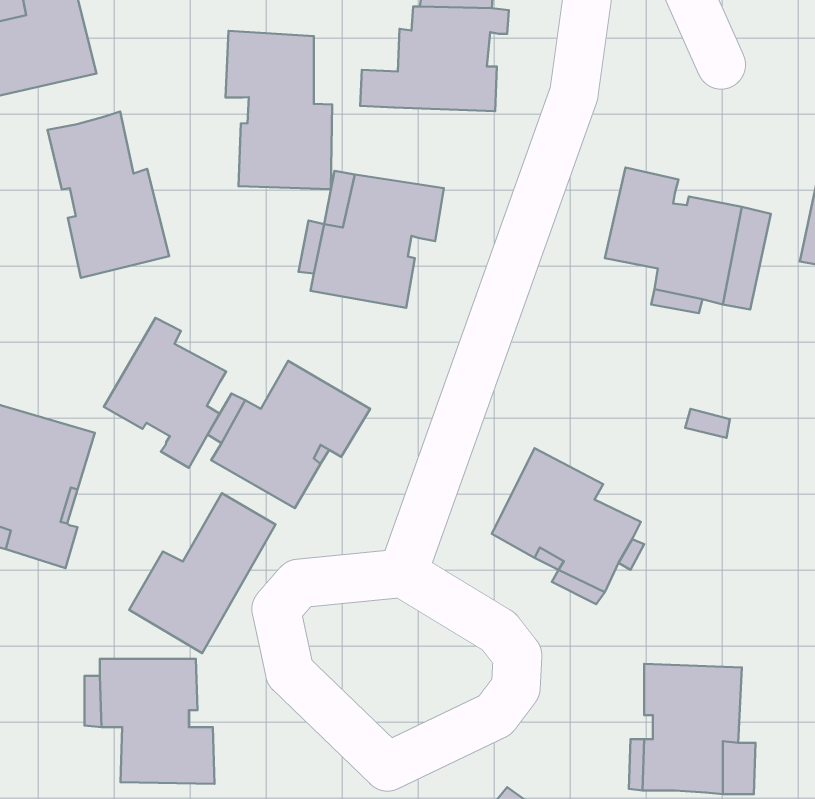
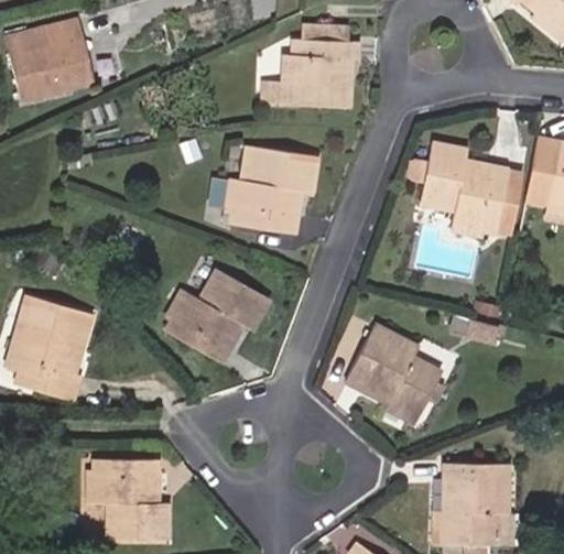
building: [225,31,332,189] -> none
building: [47,111,169,278] -> none
building: [104,318,226,468] -> none
building: [129,493,276,653] -> none

